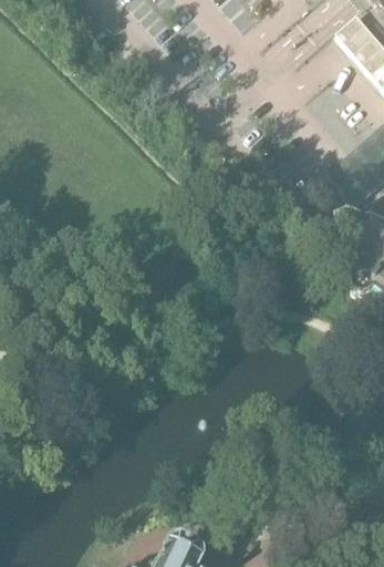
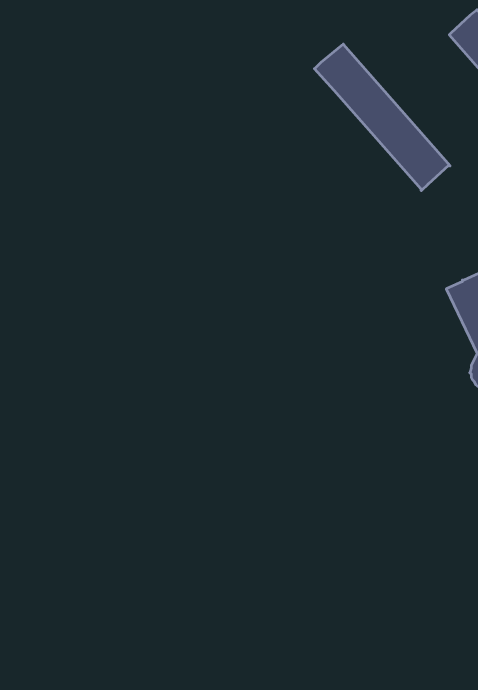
building: none -> [314,44,450,191]

